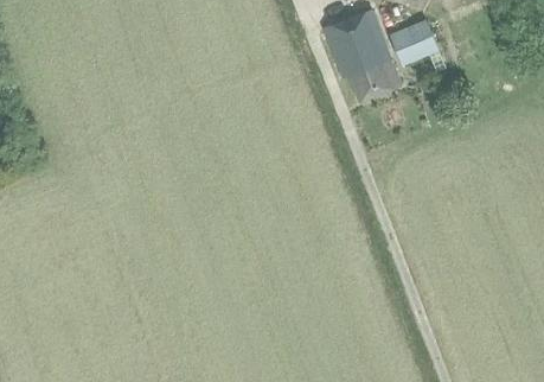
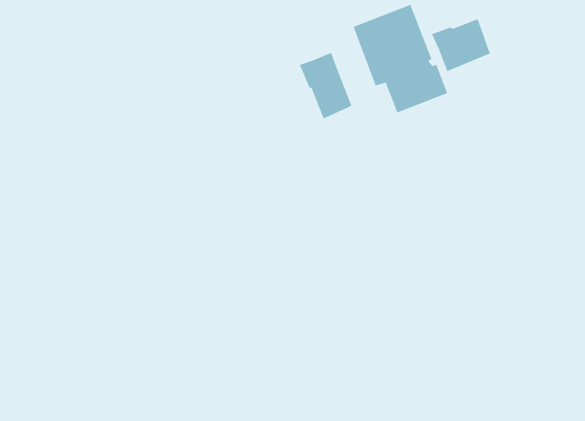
building: none -> [299,52,352,120]

